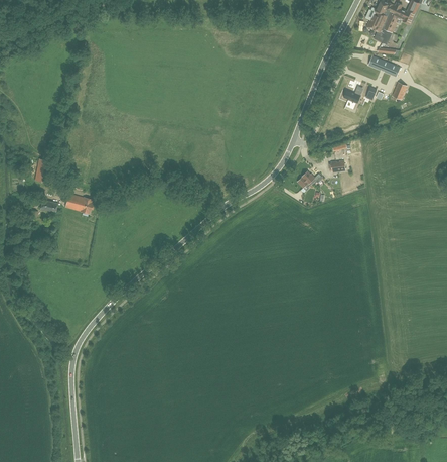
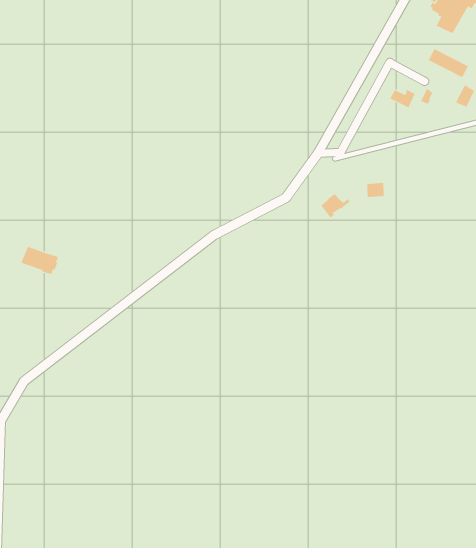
building: [64,193,93,213] -> [21,246,59,275]

